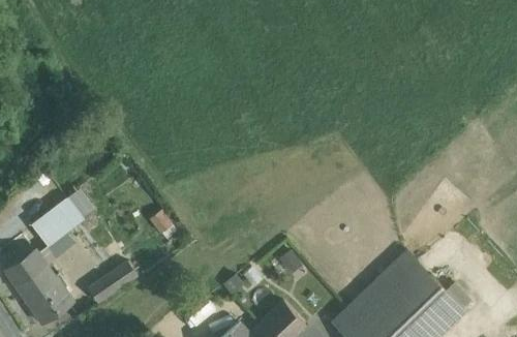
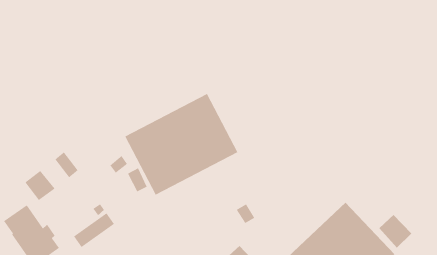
building: none -> [124,93,238,196]
building: [50,201,83,235] -> none
building: none -> [379,214,412,248]

